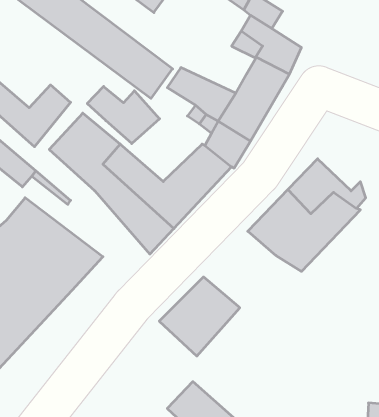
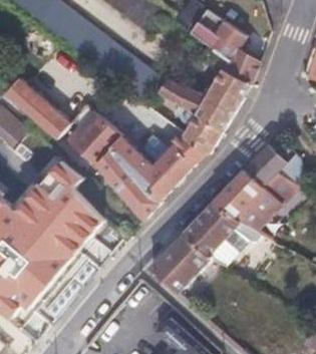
building: [87,86,160,144] -> none
building: none -> [183,200,260,267]

